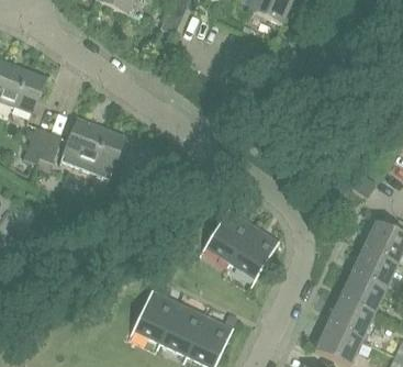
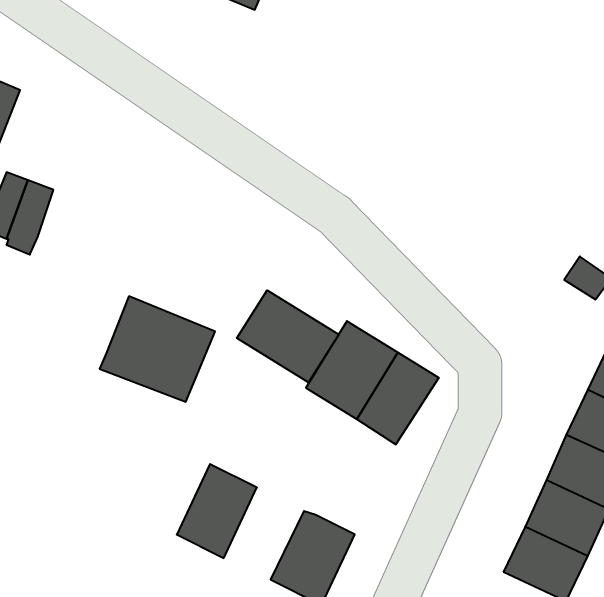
building: [58,118,123,177] -> [100,296,215,402]
building: none -> [237,290,339,382]
building: [157,301,202,353] -> none

